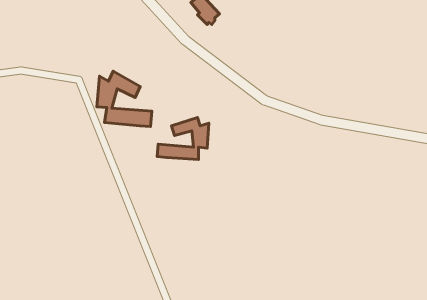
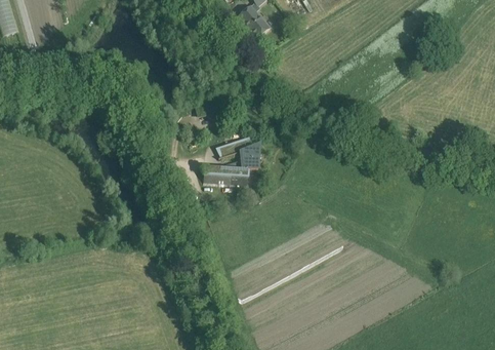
building: [97,71,152,126] -> none

